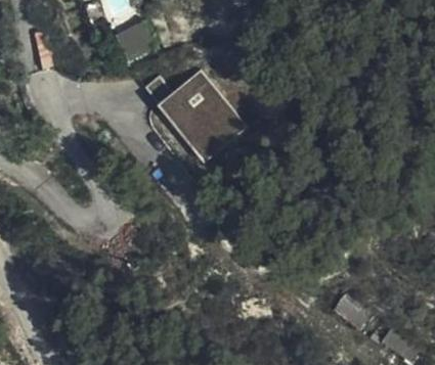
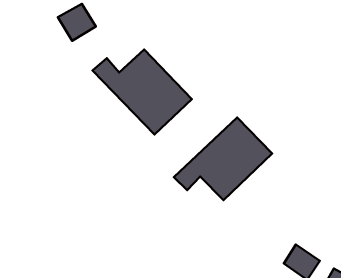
building: none -> [174,117,272,200]

